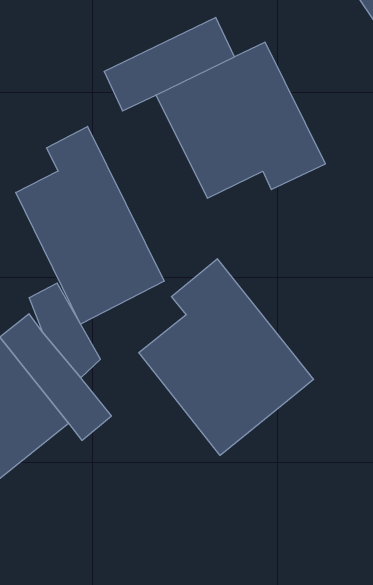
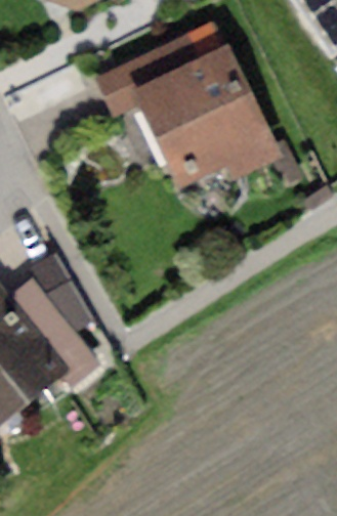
building: [16,126,164,324] -> none
building: [139,259,314,455] -> none

